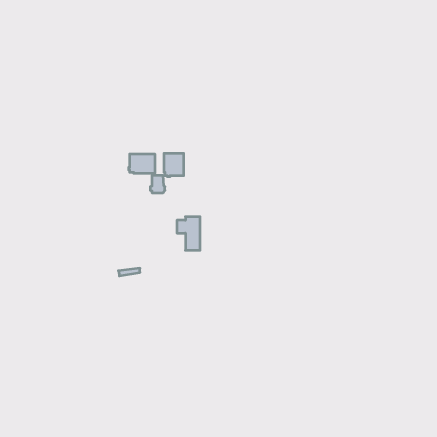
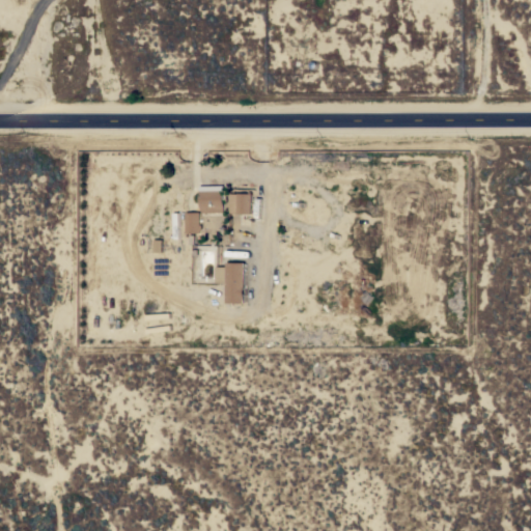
building: [129,154,155,173] -> none
building: none -> [226,194,250,215]

